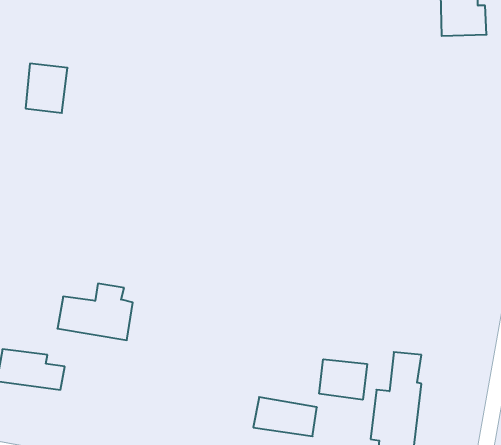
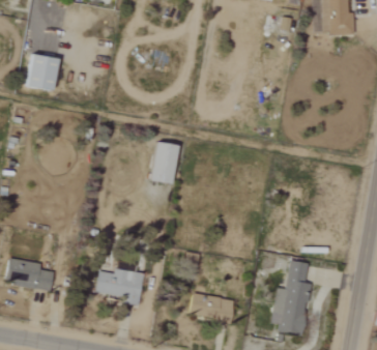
building: none -> [150,143,175,183]
building: [57,284,133,340] -> [90,261,144,301]
building: [319,359,367,400] -> none

